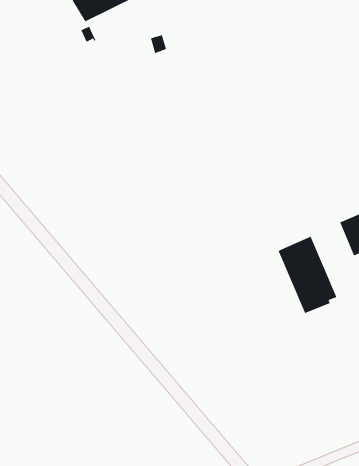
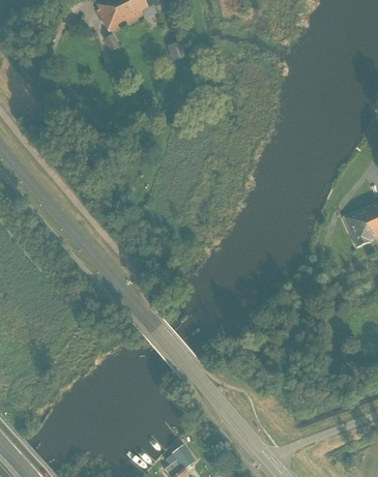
building: [278,236,337,314] -> none

